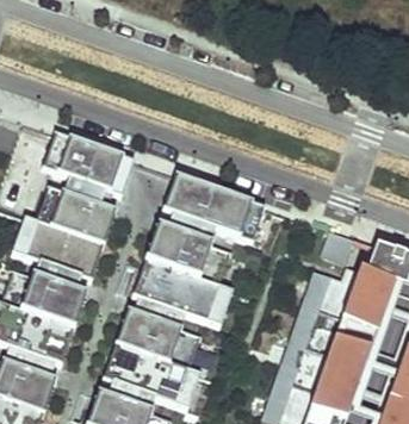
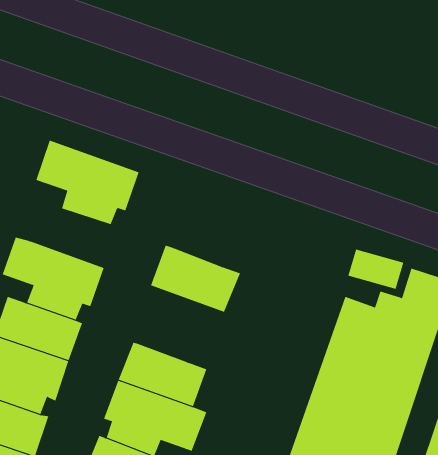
building: [163,176,255,245] -> none
building: [39,188,118,247] -> none
building: [134,262,224,330] -> none

